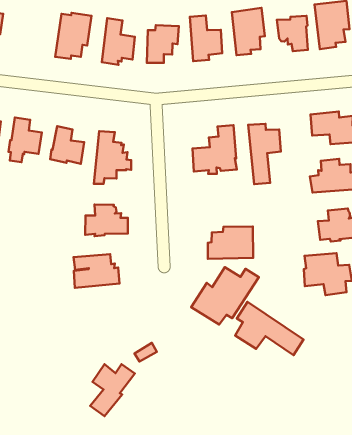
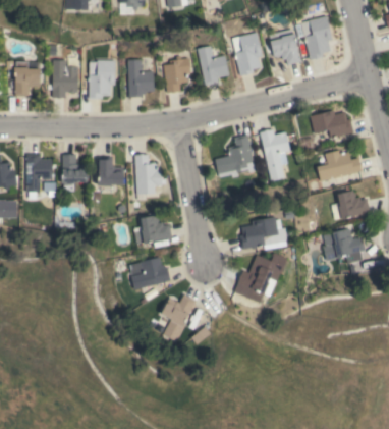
building: none -> [53,60,78,98]
building: [235,302,303,355] -> none
building: [90,364,135,416] -> [162,296,197,341]

